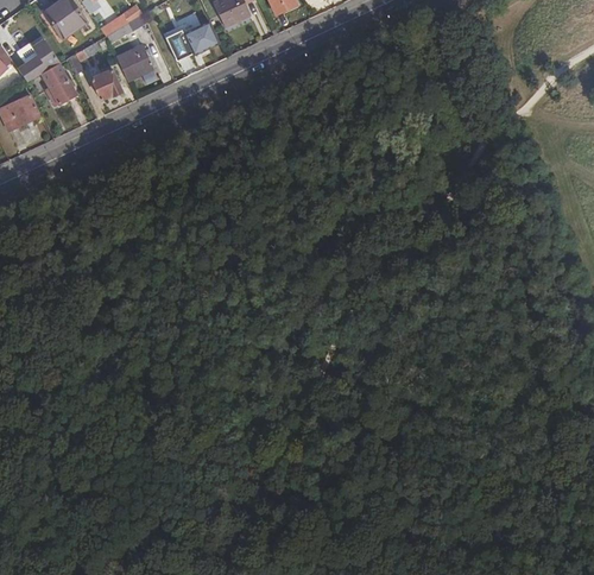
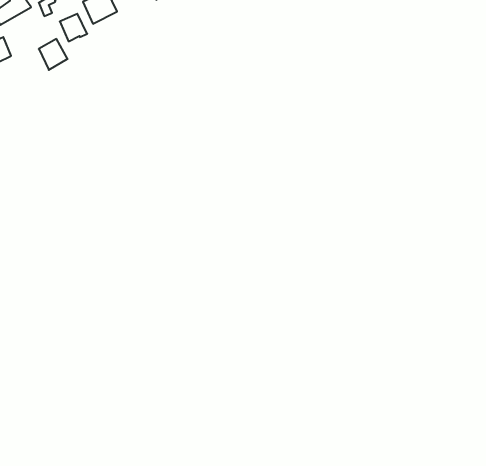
building: [43,70,74,103] -> [39,39,68,70]

